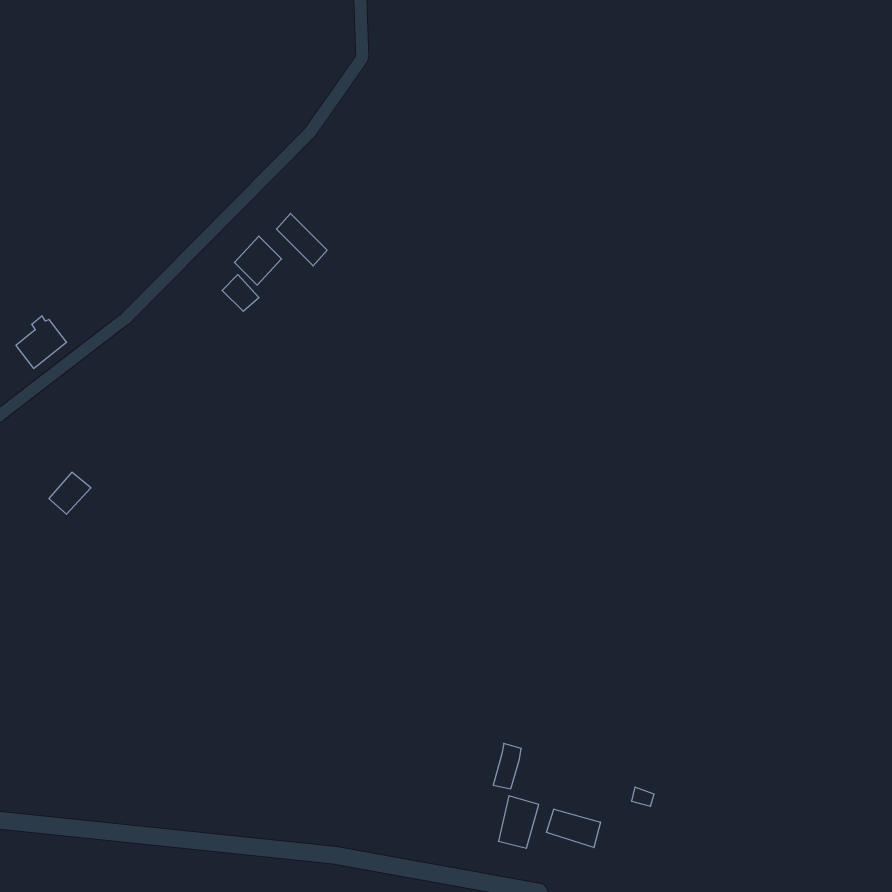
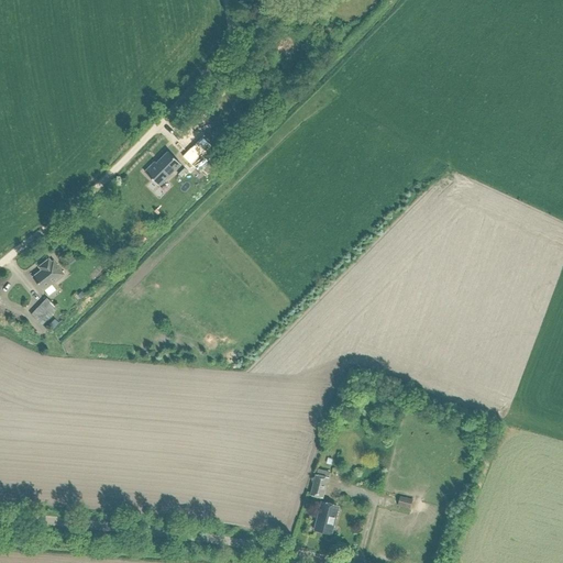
building: [16,316,67,368] -> [32,257,64,290]
building: [547,809,601,848] -> none

